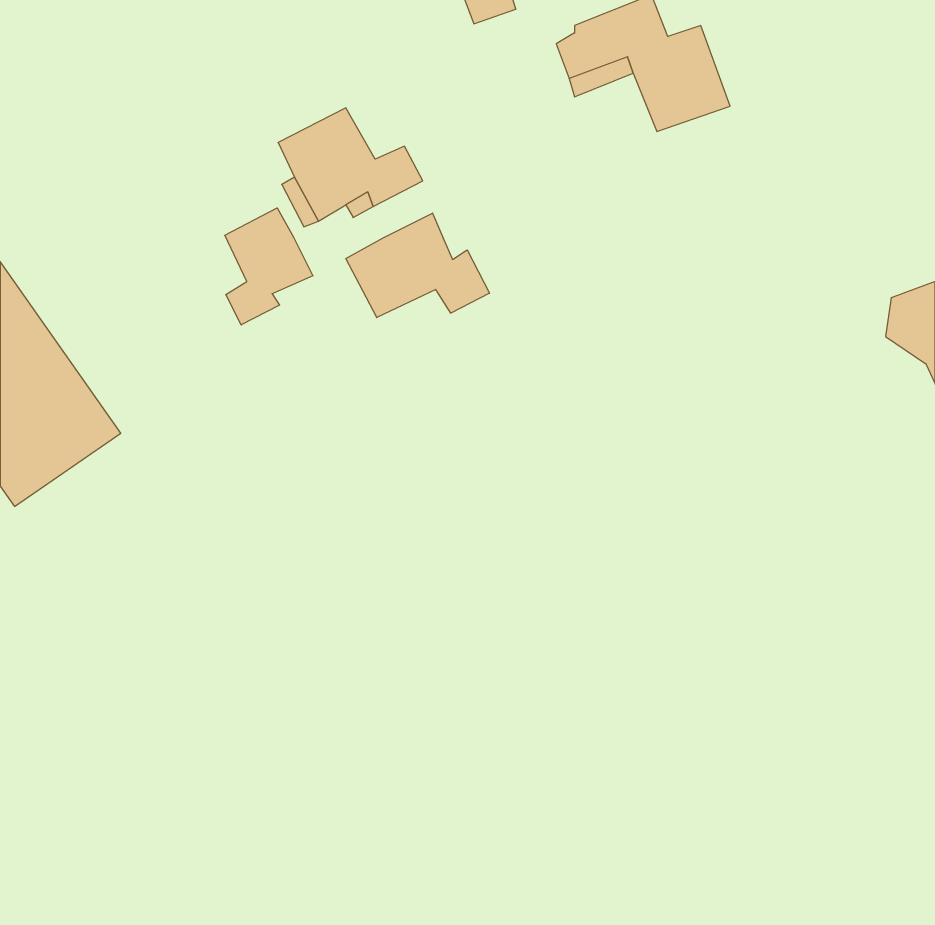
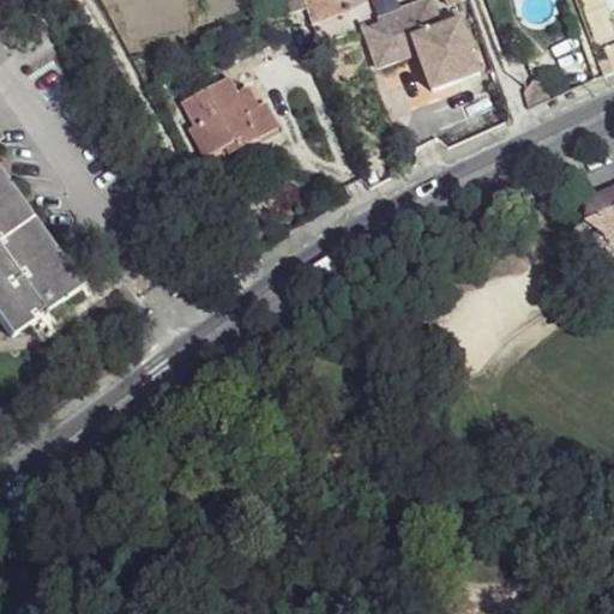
building: [225,208,313,325] -> none
building: [346,213,490,318] -> none

